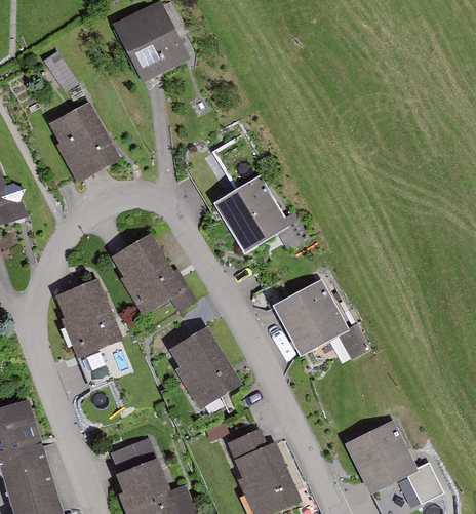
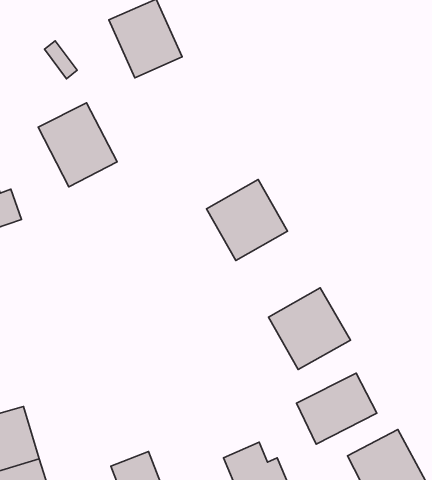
building: [110,235,185,318] -> none
building: [52,280,121,357] -> none
building: [165,329,238,407] -> none
building: none -> [296,373,377,444]

